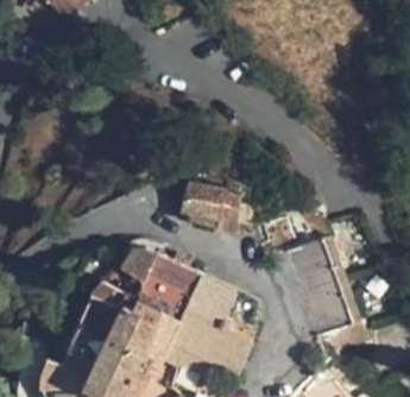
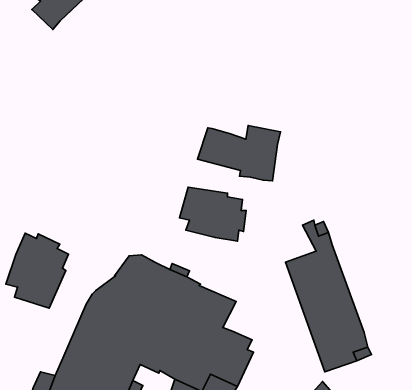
building: none -> [198,125,281,181]
building: none -> [6,233,69,308]

